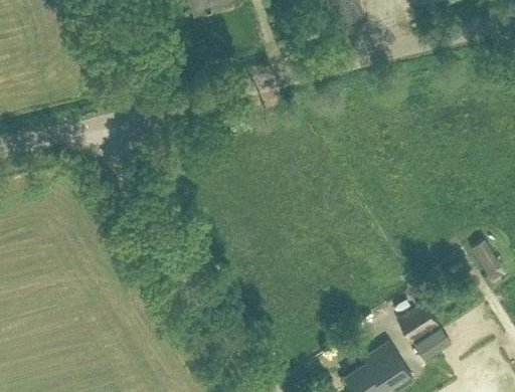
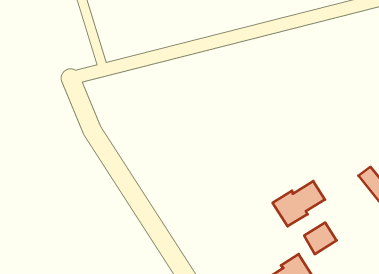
building: none -> [273,181,325,226]
building: [413,331,450,363] -> none

